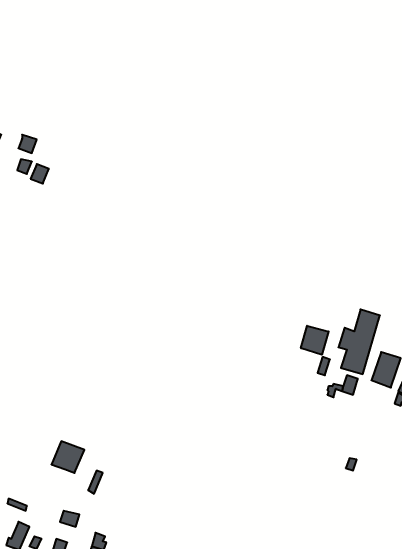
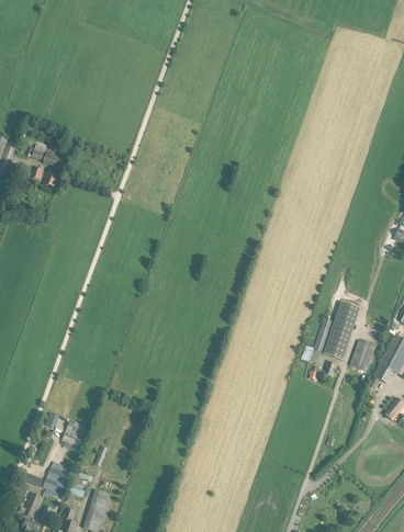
building: [301,326,329,355] -> none
building: none -> [42,465,70,495]

